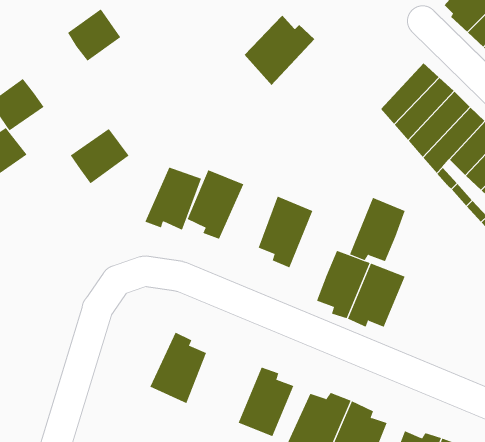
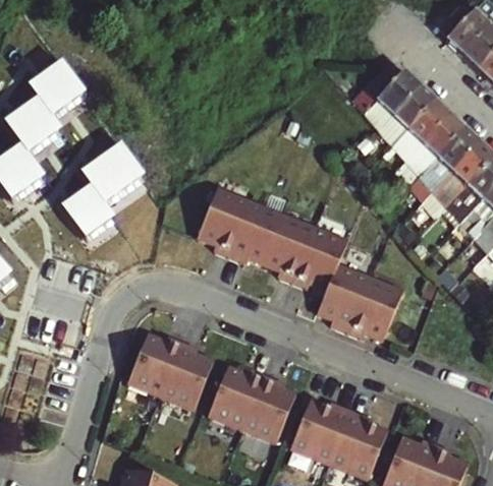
building: [67,8,121,61] -> [30,64,81,115]
building: [244,15,315,86] -> [353,62,422,130]
building: [144,167,202,230] -> [226,202,281,263]
building: none -> [63,188,111,236]
building: [349,197,406,262] -> [293,228,347,290]
building: none -> [127,335,183,397]
building: none -> [208,370,266,431]

